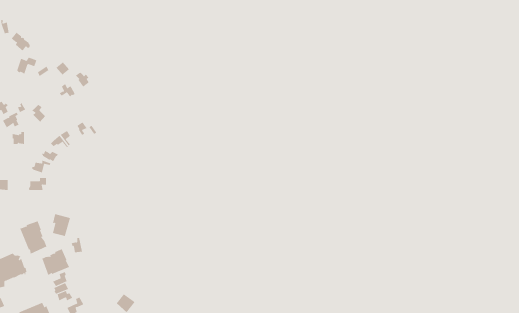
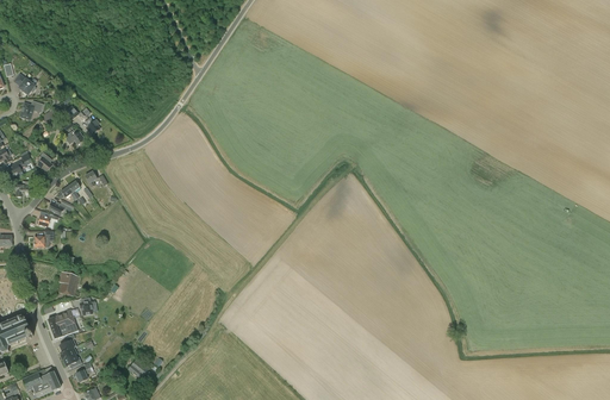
building: [19,221,47,255] -> none

